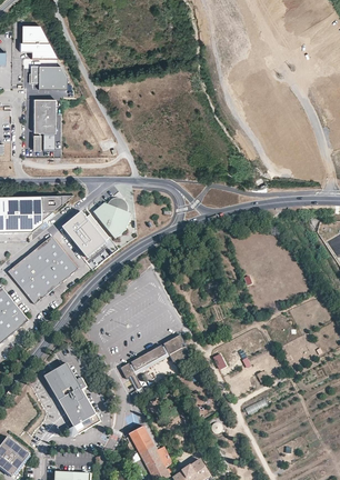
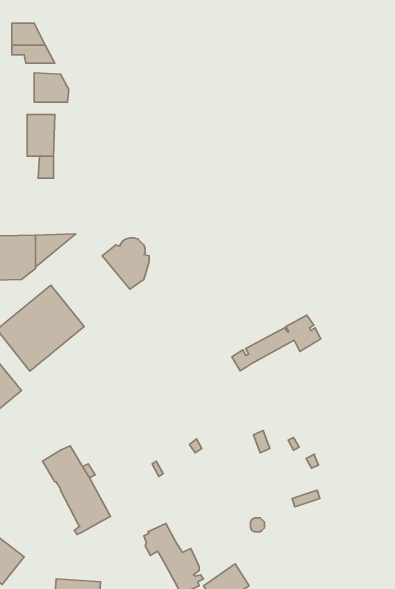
building: [61,211,108,257] -> none
building: [119,336,190,380] -> [232,315,321,371]

